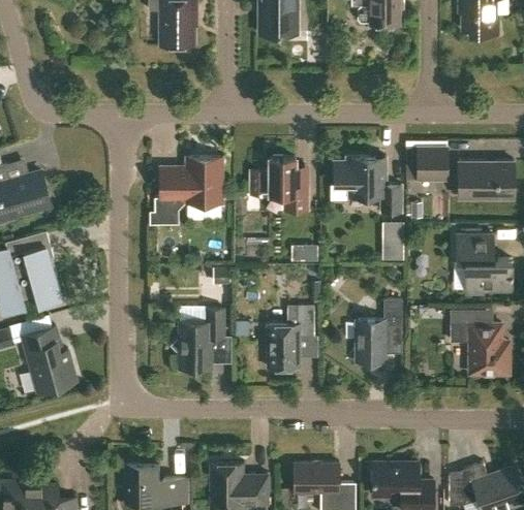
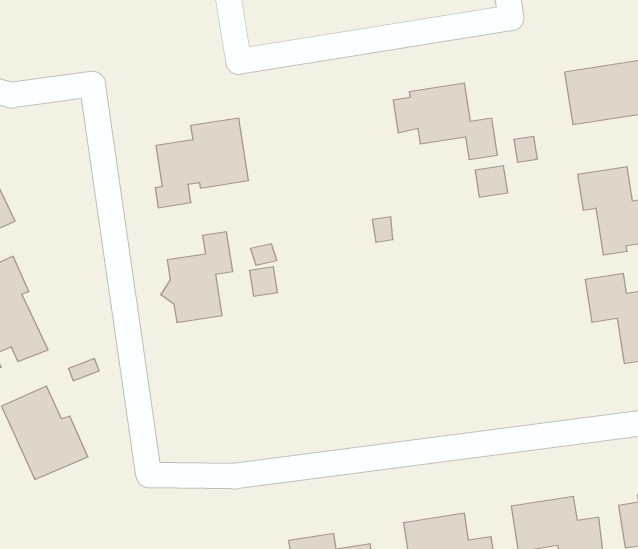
building: [418,148,448,181] -> none
building: [251,158,308,211] -> none
building: [357,300,402,369] -> none
building: [268,307,314,369] -> none
building: [171,310,224,369] -> [161,232,233,322]

